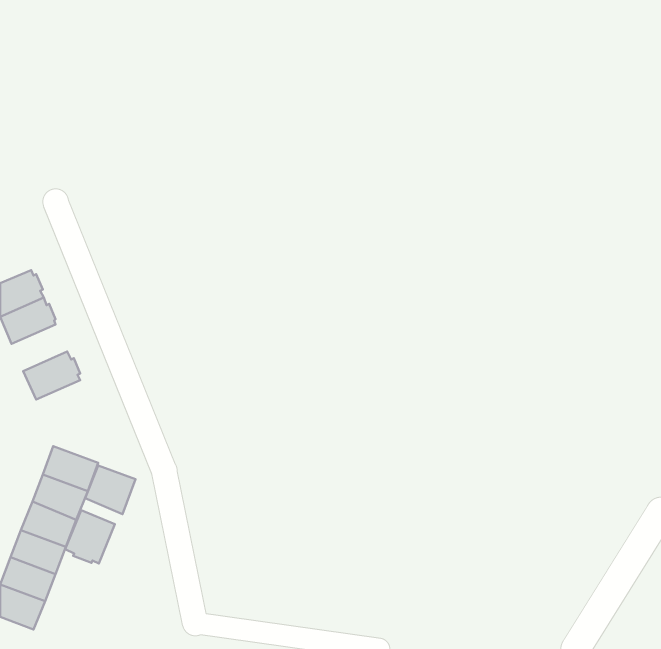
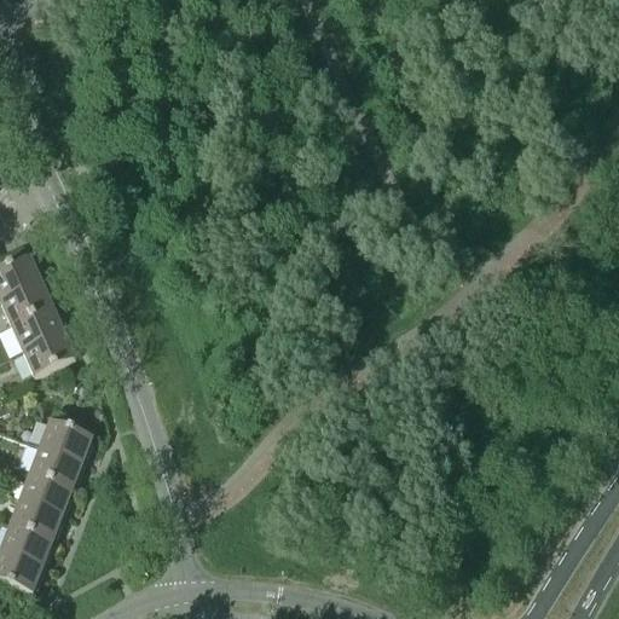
building: none -> [11,303,63,347]
building: [85,466,135,514] -> none
building: [65,510,115,563] -> none

